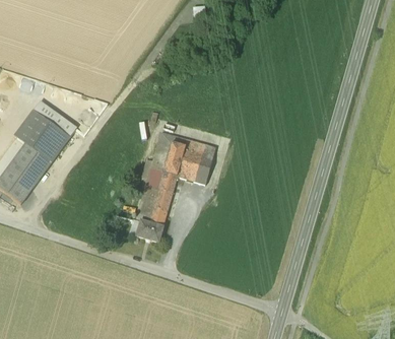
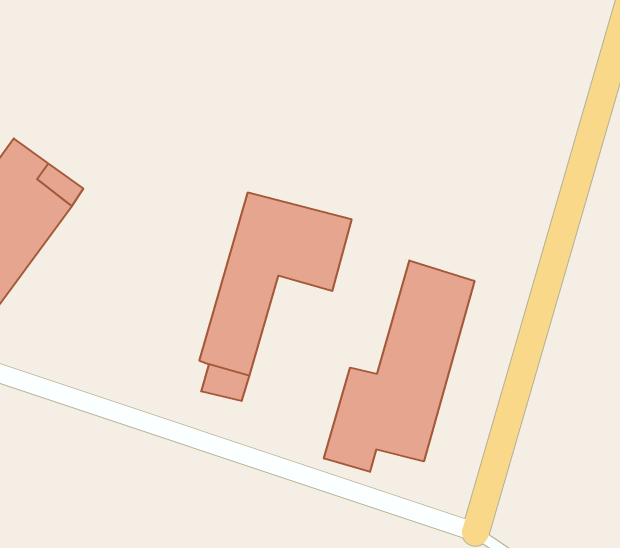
building: none -> [324,260,474,472]

